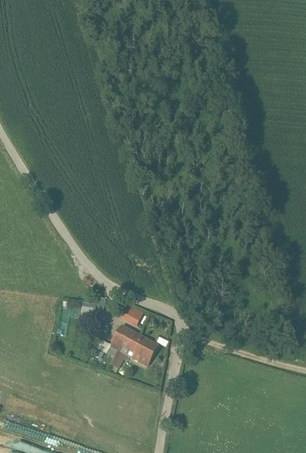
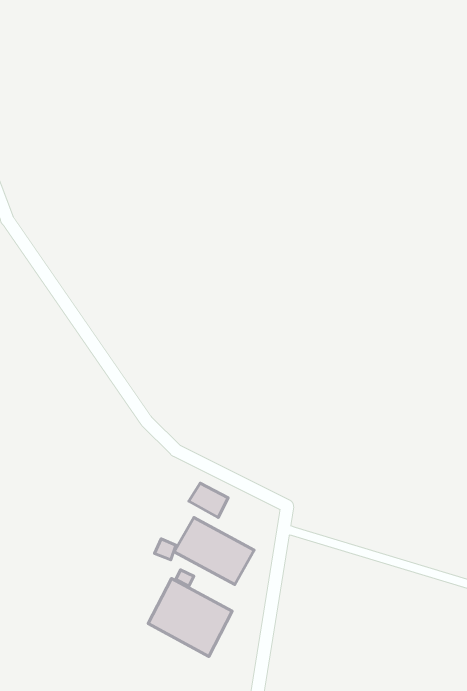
building: none -> [148,579,232,656]

